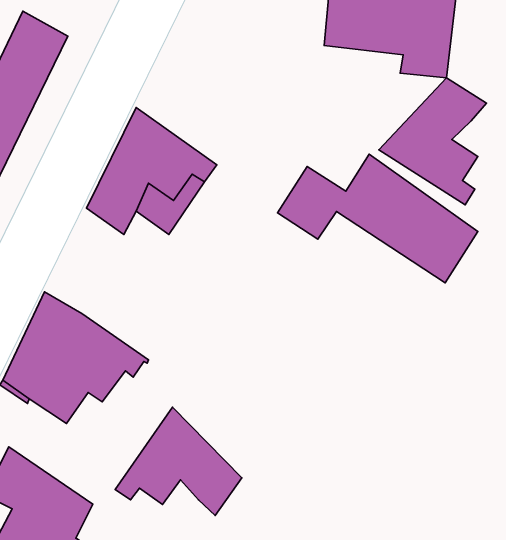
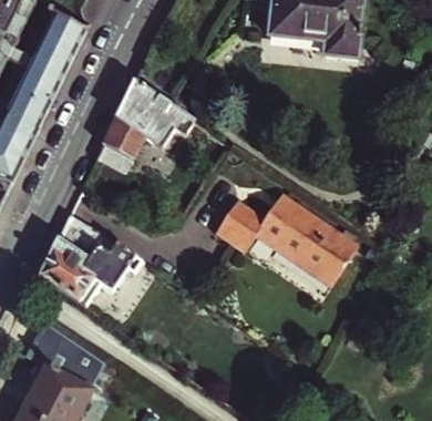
building: [379,78,486,205] -> none
building: [278,154,478,283] -> [216,184,359,276]
building: [115,407,242,516] -> none

